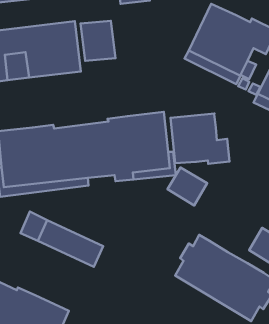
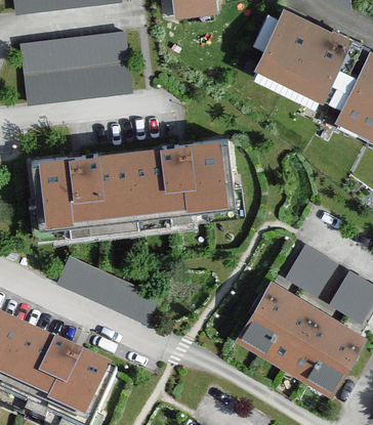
building: [81,21,115,61] -> none
building: [171,113,229,164] -> none
building: [167,167,207,206] -> [287,248,334,293]

